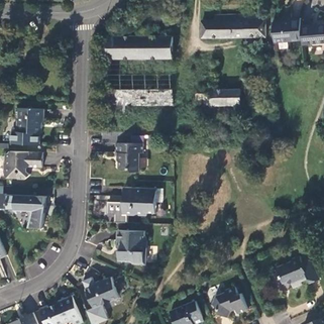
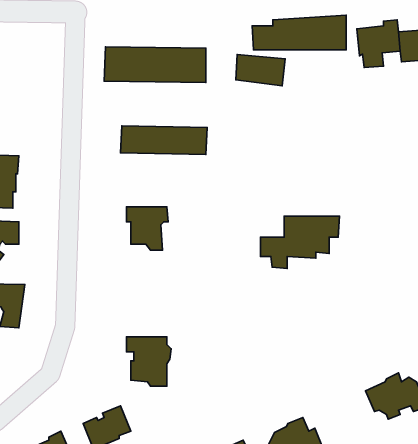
building: [205,86,238,107] -> [236,54,285,86]
building: [106,187,159,222] -> [260,216,340,269]

